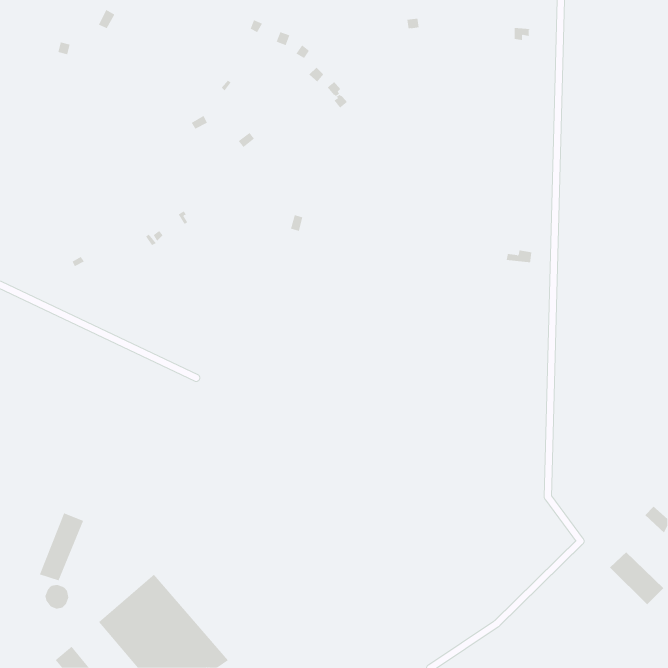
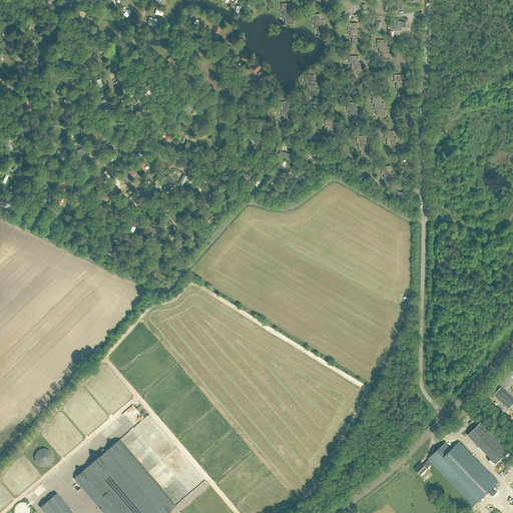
building: [39,513,84,581] -> none
building: none -> [415,442,497,506]

